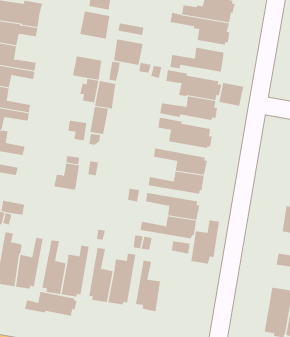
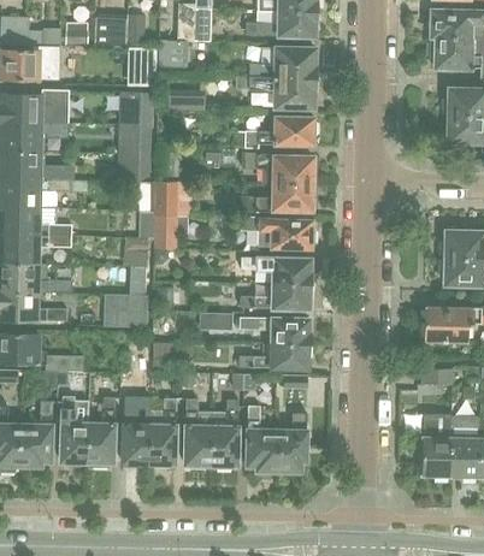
building: [113,39,143,65] -> [120,123,157,153]
building: [219,82,244,106] -> none
building: [191,220,220,264] -> [276,413,306,471]
building: [25,291,77,316] -> none

